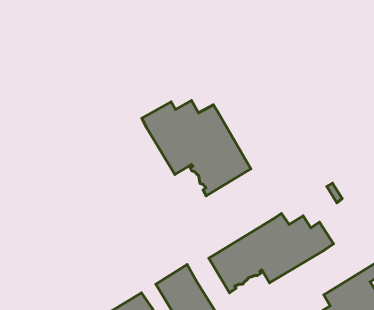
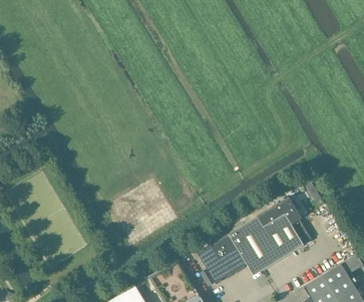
building: [142,100,251,196] -> none
building: none -> [265,198,302,225]

